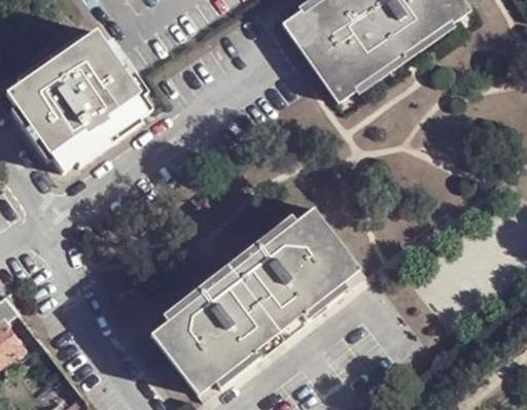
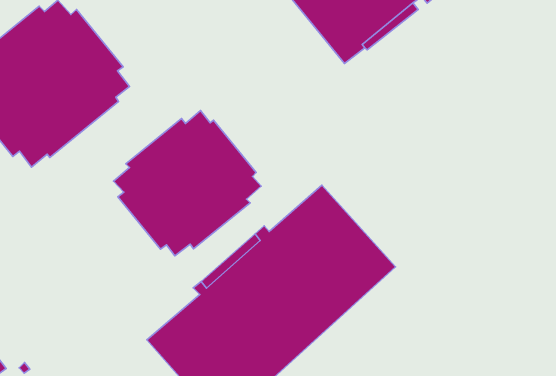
building: none -> [114,111,261,256]

